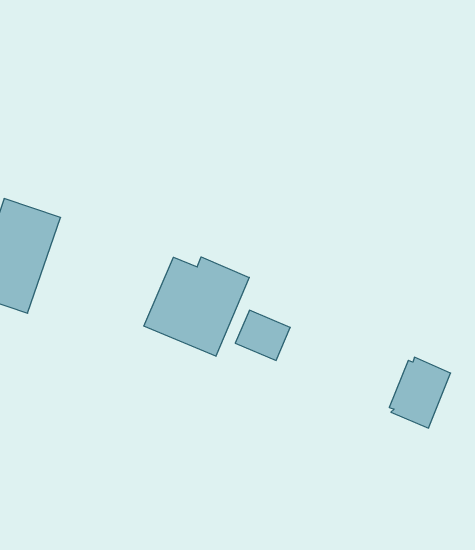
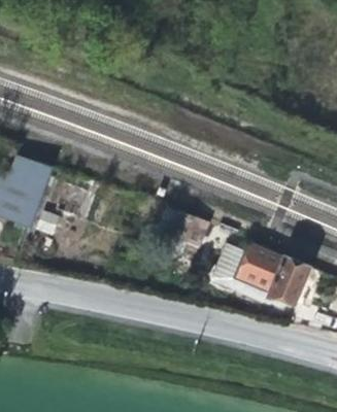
building: [144,257,249,356] -> none
building: none -> [211,244,280,300]

